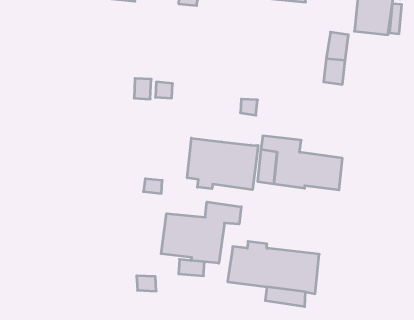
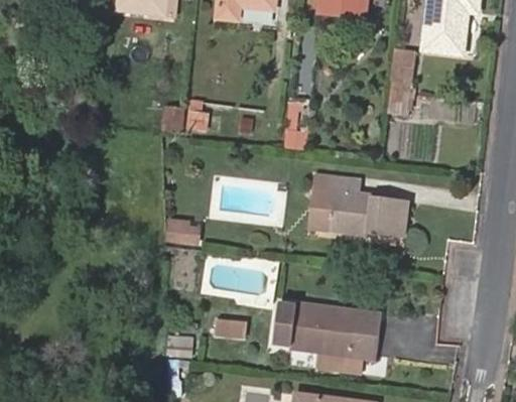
building: [187,138,258,190] -> none
building: [161,202,241,263] -> none

